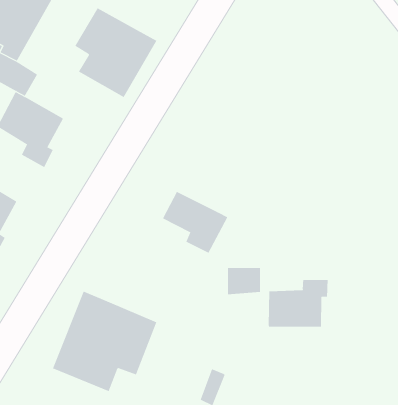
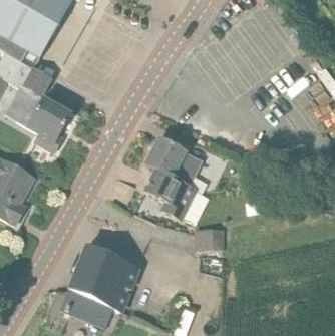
building: [75,7,157,98] -> none
building: none -> [144,137,202,189]
building: [268,279,328,328] -> none

